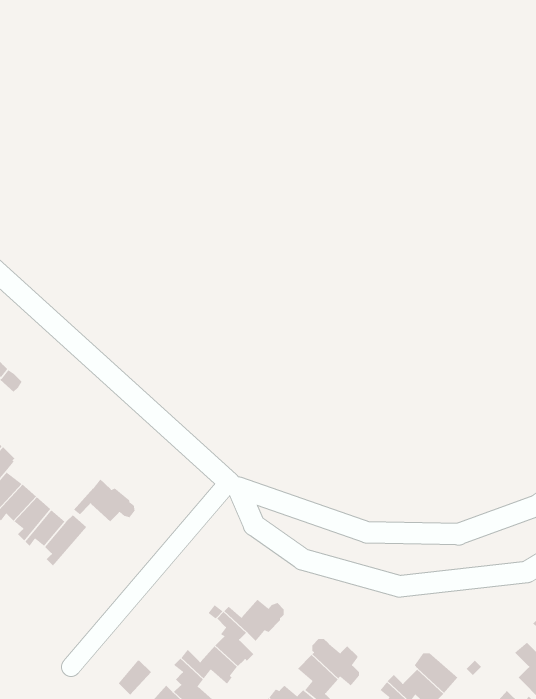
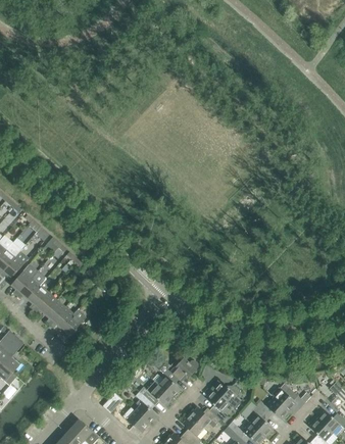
building: [73,479,136,522] -> none

